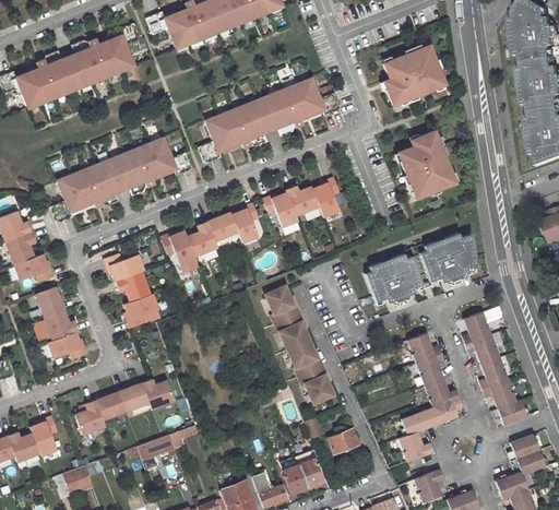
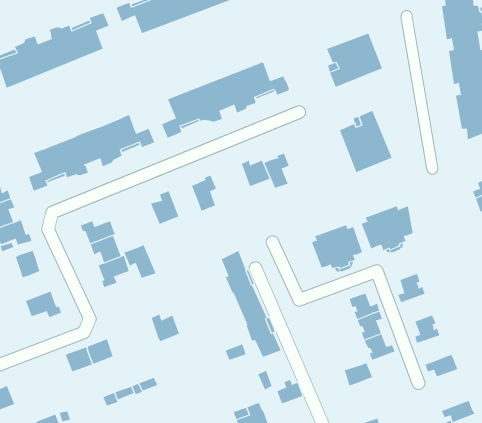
building: [265,192,300,227] -> none
building: [210,211,241,242] -> none
building: [164,228,200,265] -> [123,245,156,278]
building: [48,308,83,339] -> none
building: [464,333,499,364] -> none
building: [142,378,174,408] -> [151,314,180,342]
building: [481,379,516,408] -> none
building: [427,396,462,425] -> none
building: [74,400,106,435] -> none
building: [31,416,58,456] -> none
building: [399,431,431,461] -> none
building: [506,435,539,462] -> none

